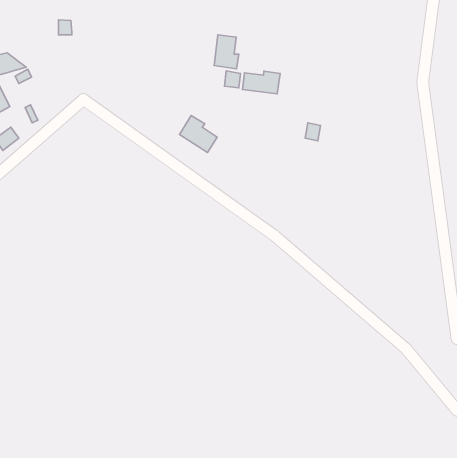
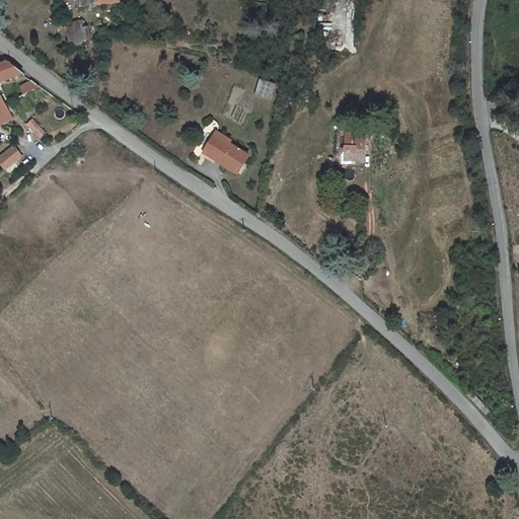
building: [214,35,239,69] -> none
building: [242,71,280,94] -> none

